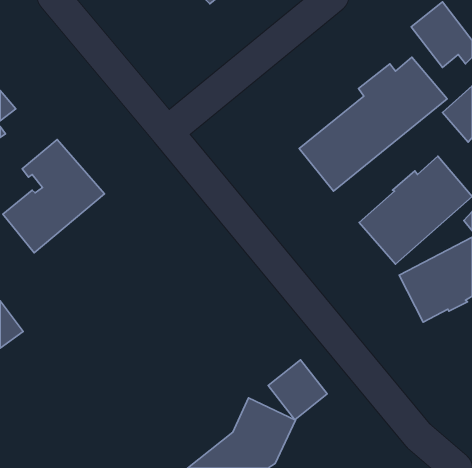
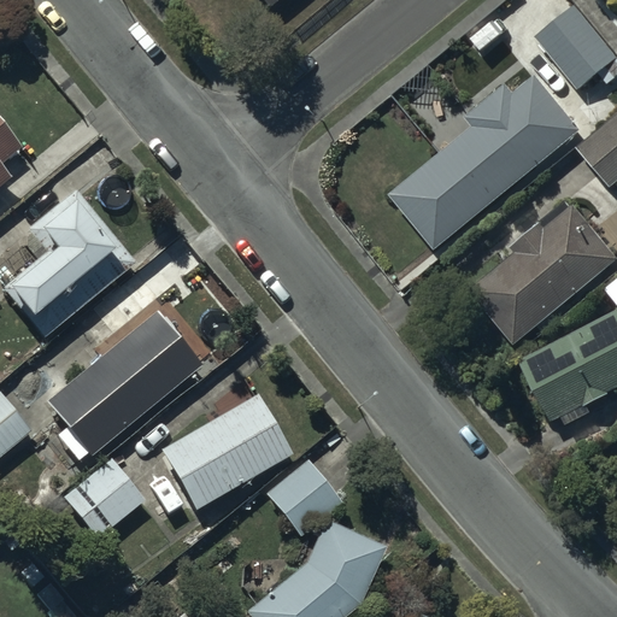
building: none -> [45,313,200,459]
building: none -> [159,396,289,512]
building: none -> [63,458,143,539]
building: [268,360,327,420] -> [265,459,342,537]

